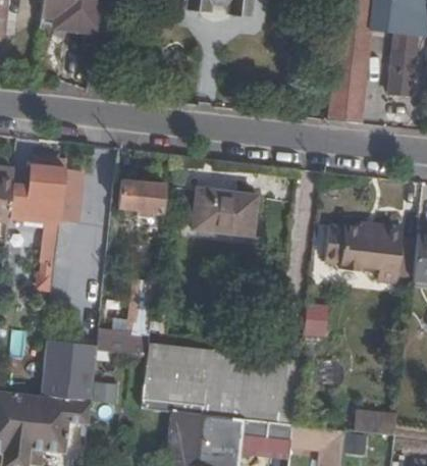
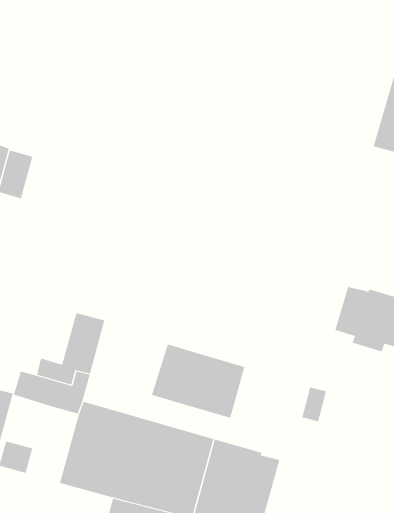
building: [119,179,163,229] -> none
building: [192,188,257,235] -> [151,344,245,418]

